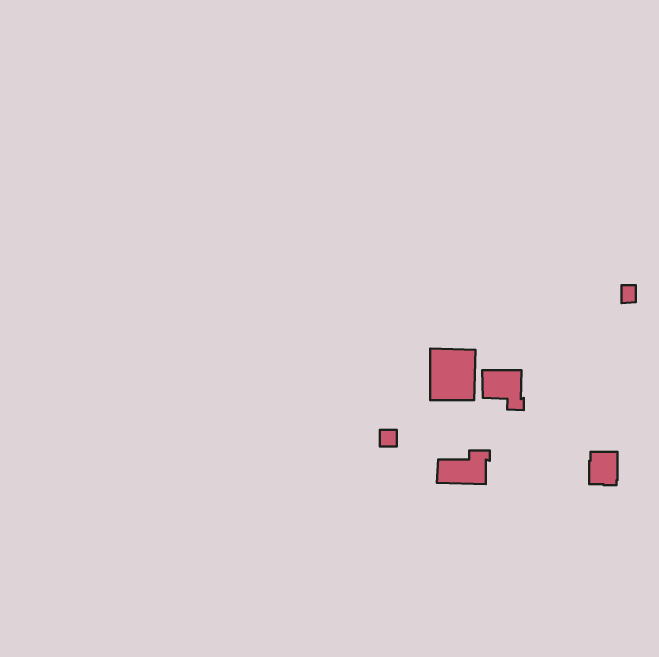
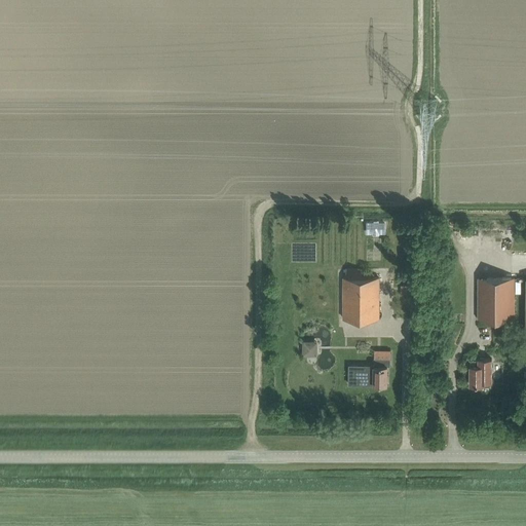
building: none -> [477,280,513,321]
building: [482,370,524,410] -> none

